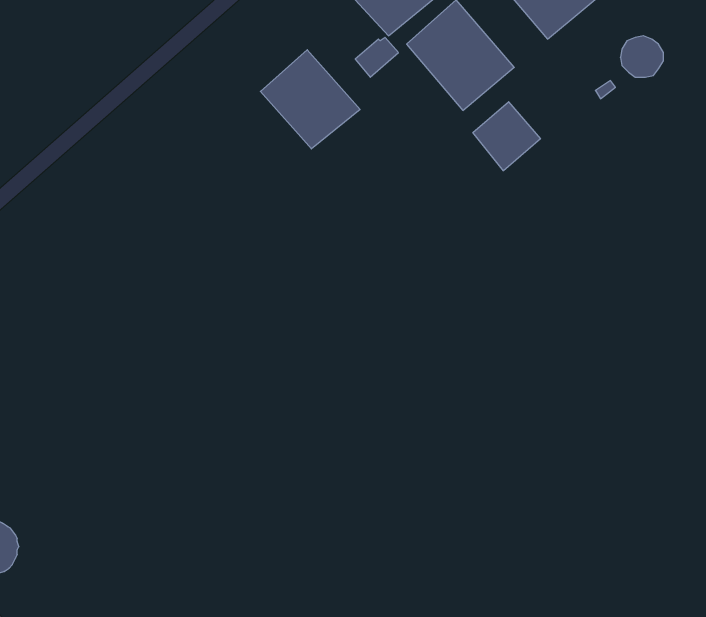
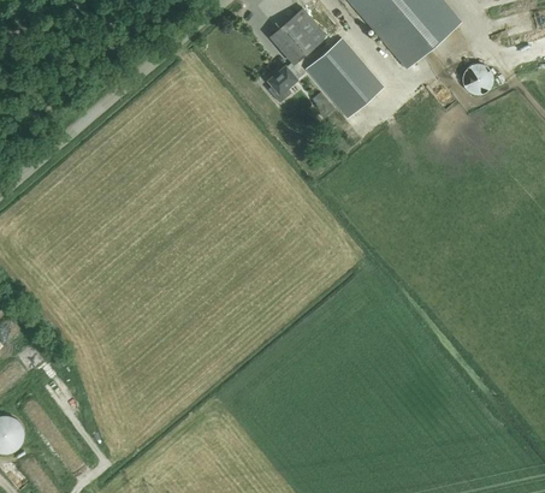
building: [260,50,360,149] -> none
building: [473,102,540,171] -> none

